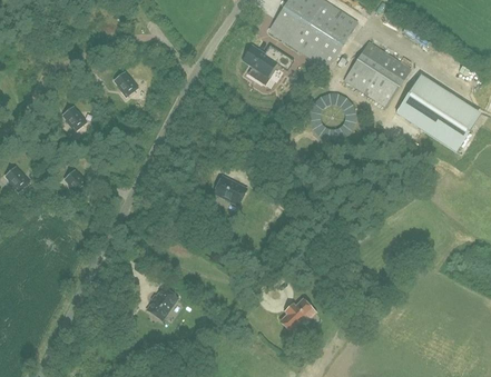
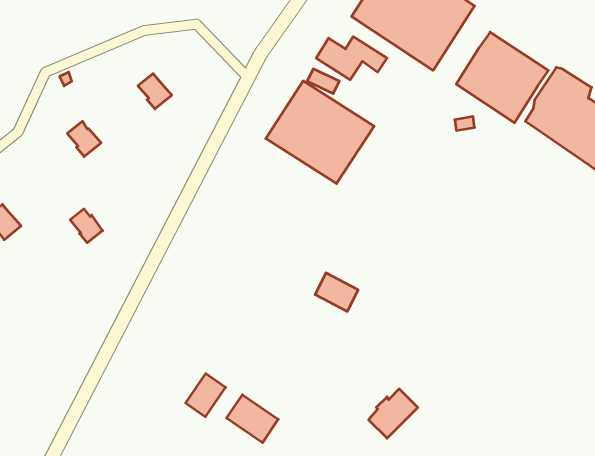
building: none -> [266,81,374,184]
building: [215,177,246,205] -> [315,273,358,311]
building: none -> [227,395,278,443]

